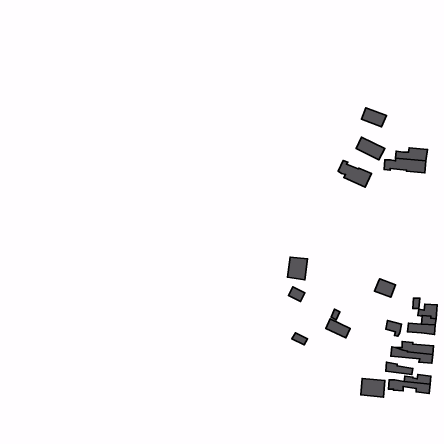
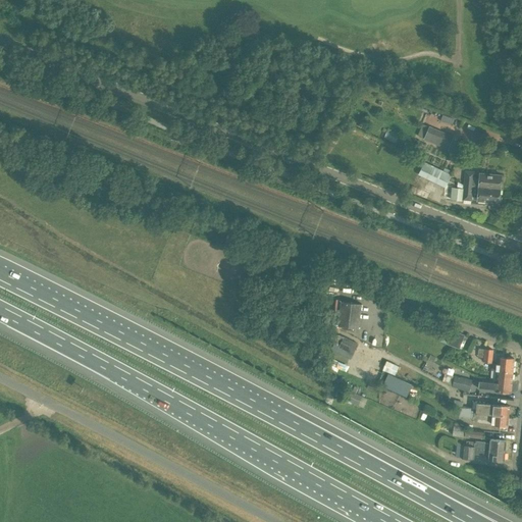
building: [338,161,372,187] -> none
building: [361,379,385,397] -> none

